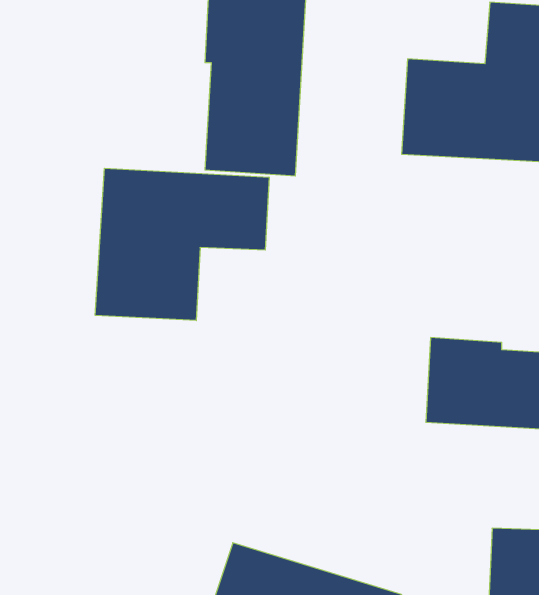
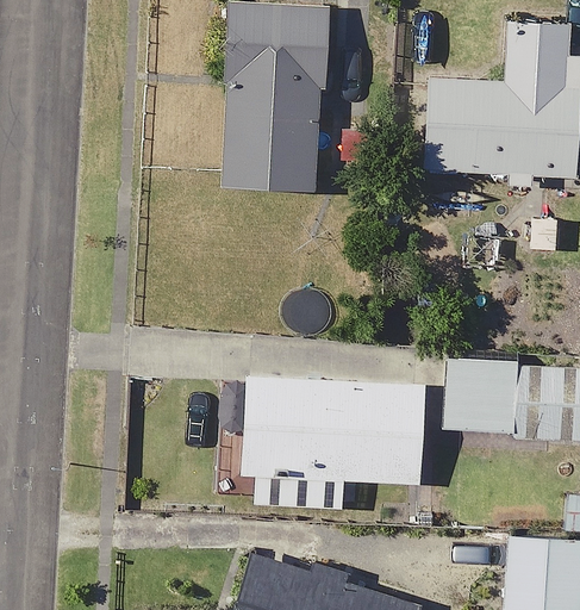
building: [95,168,269,321] -> none
building: none -> [239,378,424,484]

